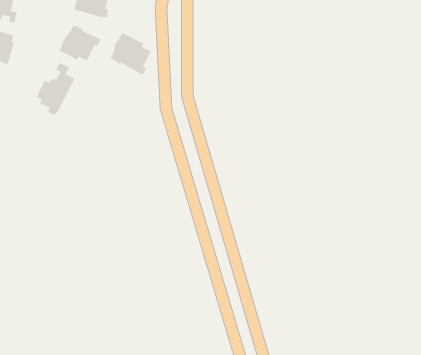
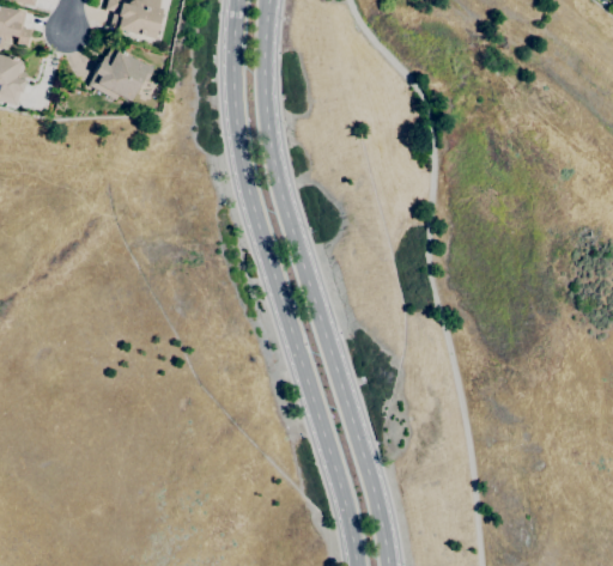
building: [109,32,152,76] -> none
building: [36,62,75,116] -> none

